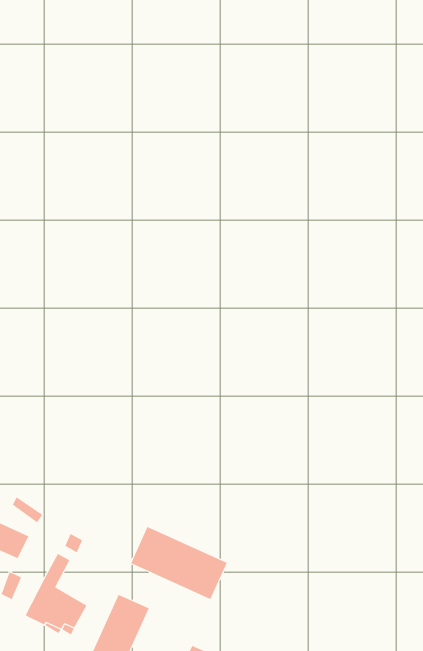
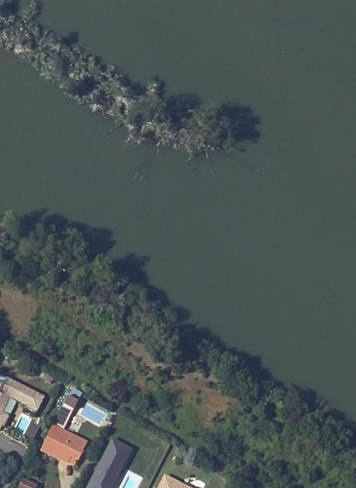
building: [130,526,227,600] -> none

